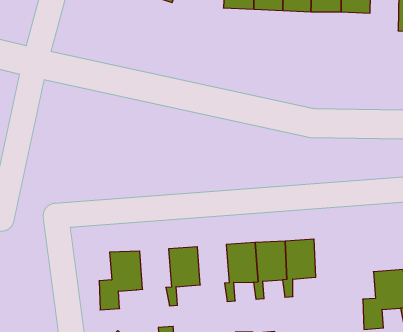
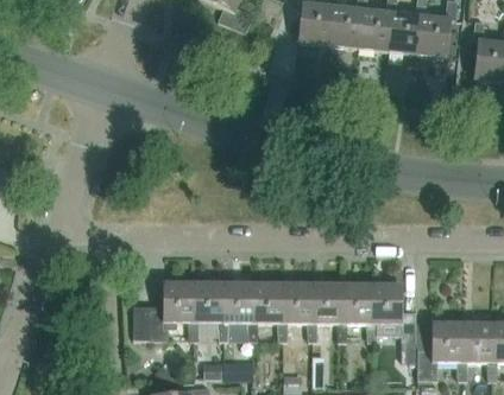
building: none -> [366,283,416,342]
building: none -> [247,282,282,340]
building: none -> [187,282,222,339]

